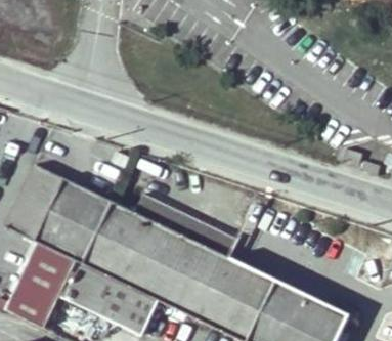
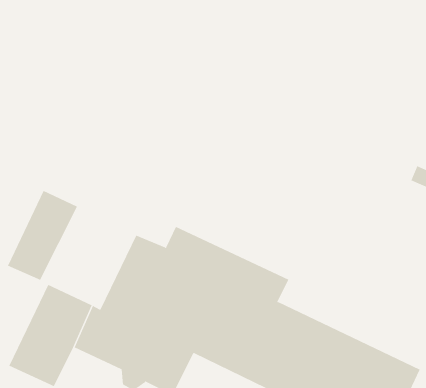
building: [34,178,113,263] -> none

